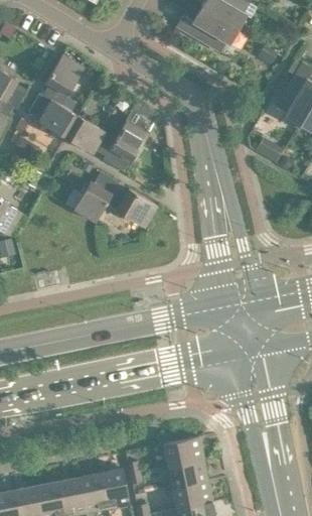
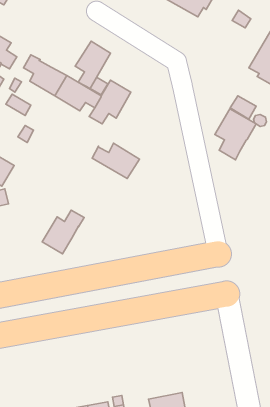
building: [44,55,83,107] -> [75,41,110,89]
building: none -> [215,109,256,160]
building: [72,175,118,223] -> [42,210,84,254]
building: [162,437,202,467] -> none

